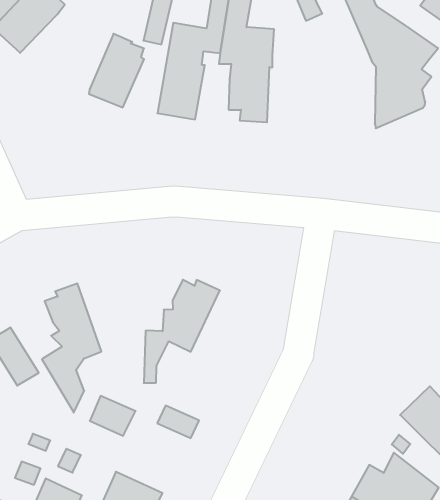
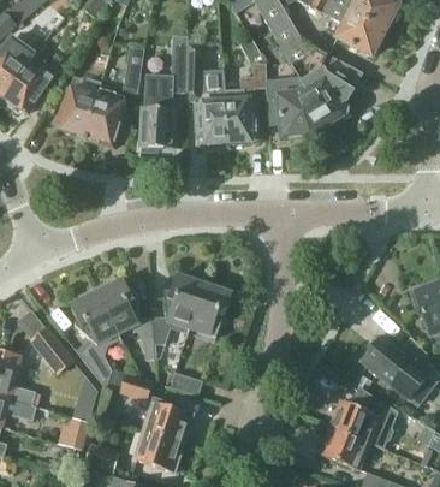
building: none -> [57,79,100,135]
building: none -> [224,64,266,143]
building: none -> [266,77,313,138]
building: none -> [95,278,156,358]
building: none -> [190,279,232,339]
building: none -> [143,397,191,443]

